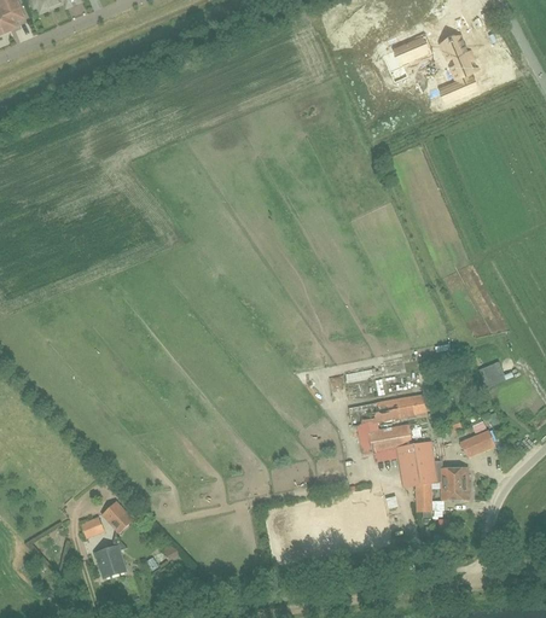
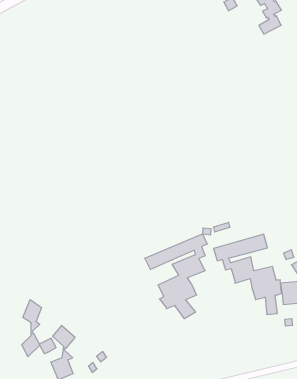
building: none -> [145,234,207,319]
building: none -> [22,300,42,357]

